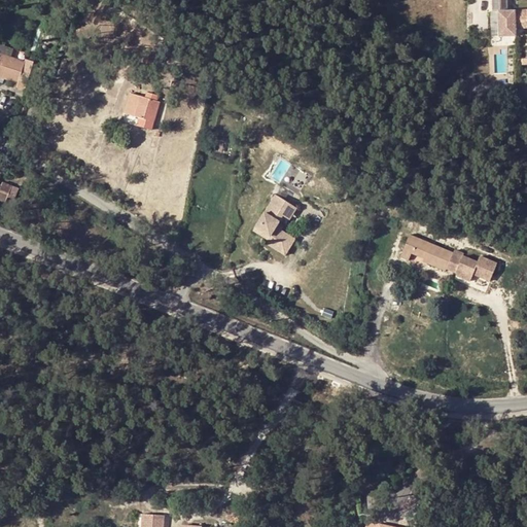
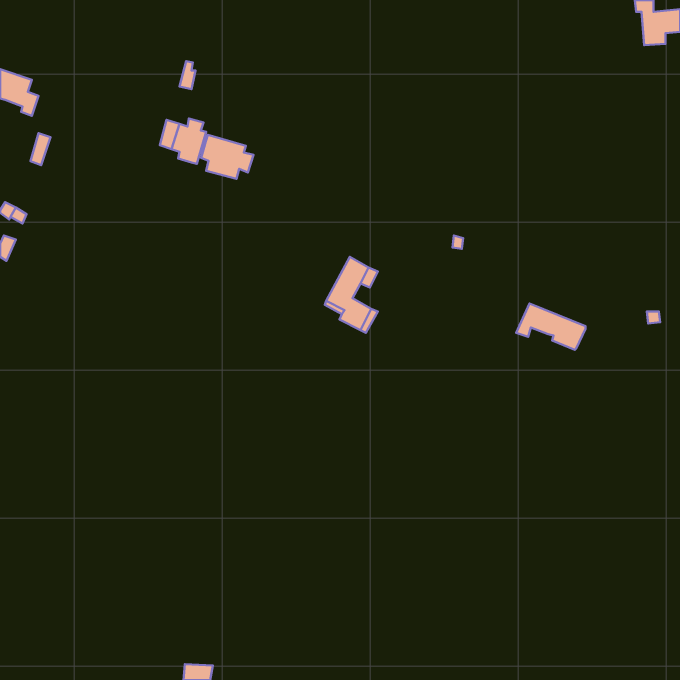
building: none -> [201,135,253,179]
building: [446,251,496,283] -> none

